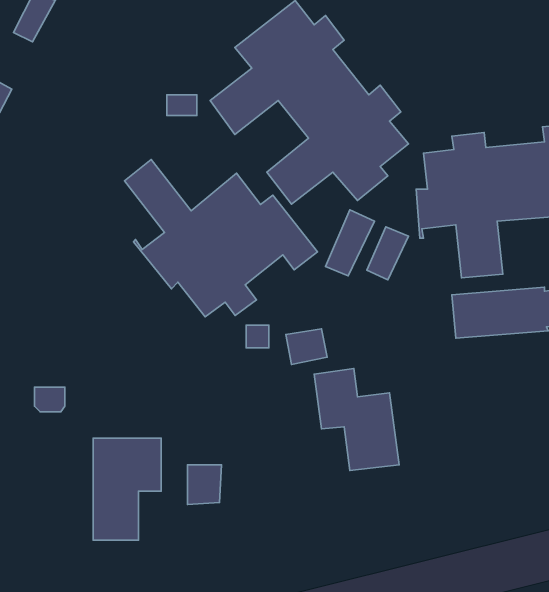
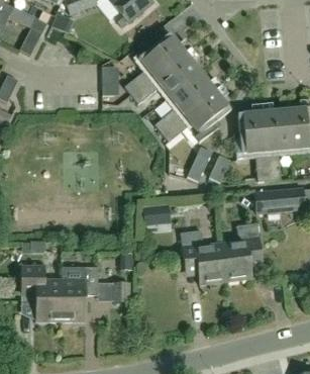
building: [125,159,318,317] -> none
building: none -> [220,222,261,281]
building: none -> [20,266,62,321]

